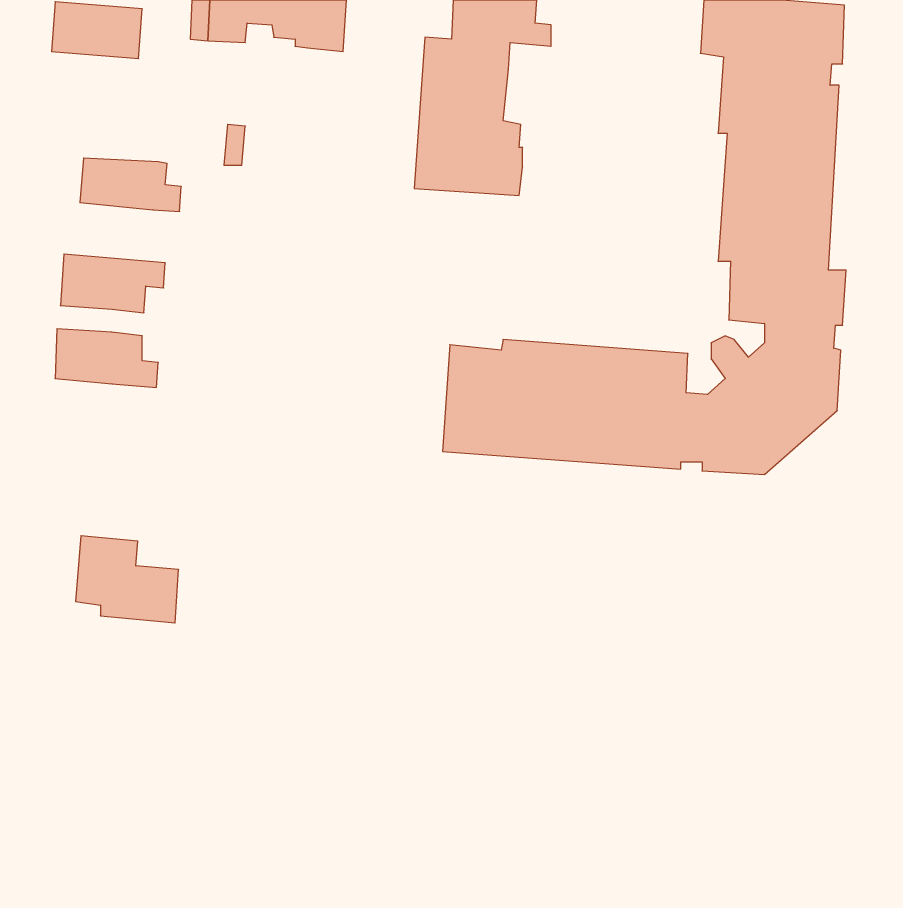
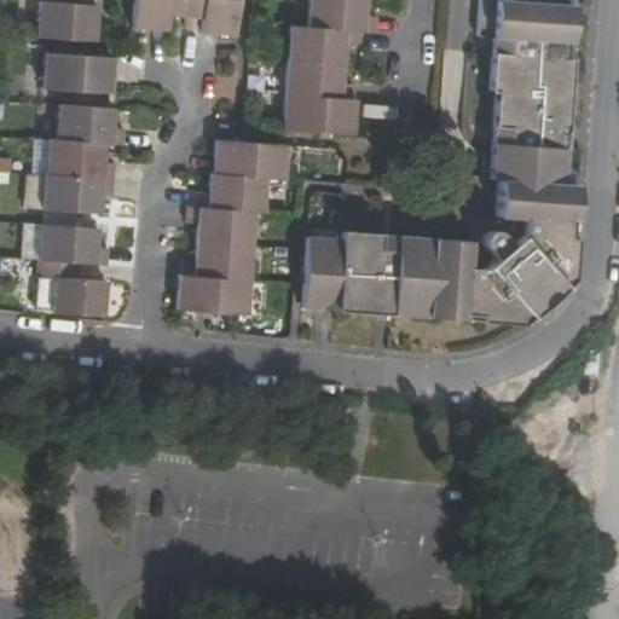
building: none -> [44,53,115,93]
building: none -> [47,138,117,179]
building: none -> [178,139,291,316]
building: [76,536,179,623] -> [37,258,108,317]

